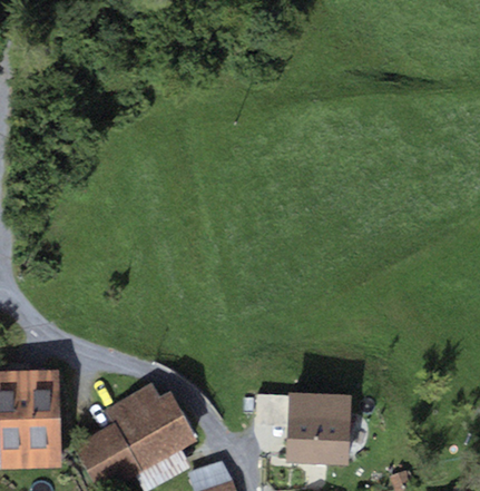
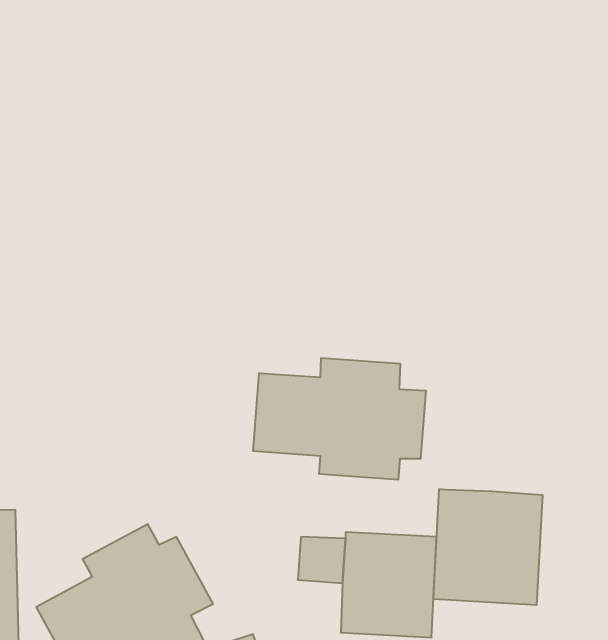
building: none -> [253,358,426,480]
building: none -> [433,489,542,605]

